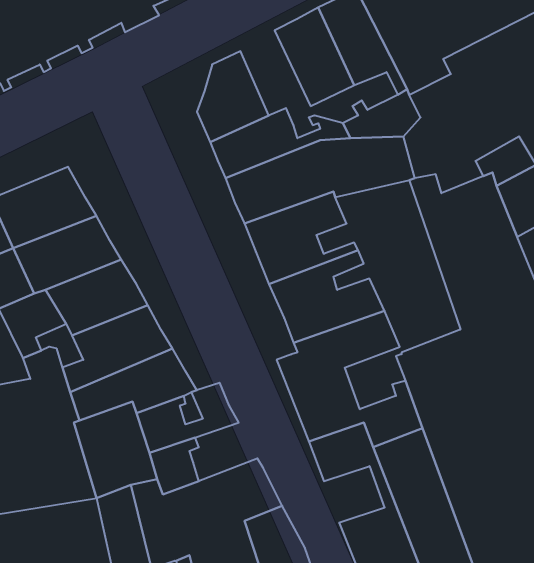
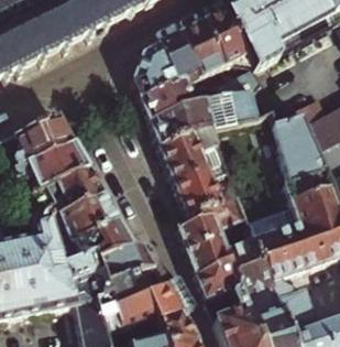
building: none -> [156,32,200,87]

